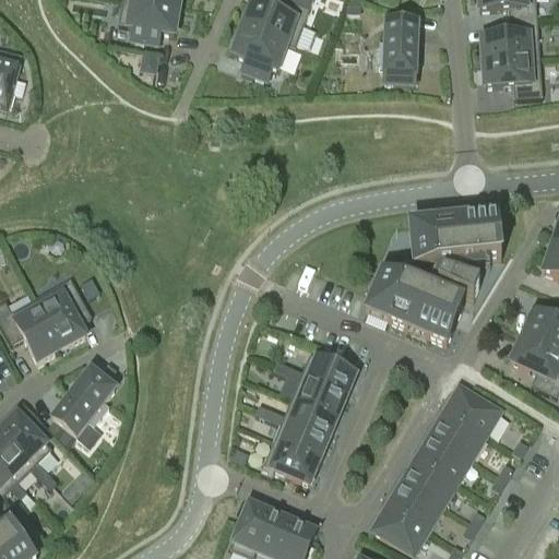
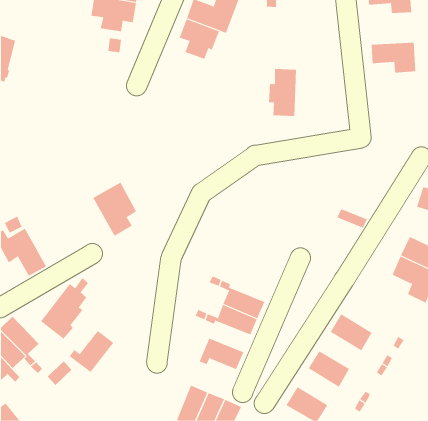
building: [481,16,540,58] -> none
building: [379,19,416,81] -> [268,69,297,116]
building: [411,211,502,264] -> none
building: [367,267,464,342] -> none
building: [34,275,92,346] -> [92,182,137,237]
building: [300,350,355,392] -> none
building: [444,383,500,432] -> none
building: [273,417,328,457] -> none
building: none -> [69,330,114,373]
building: [416,431,472,479] -> none
building: [388,478,442,526] -> none

